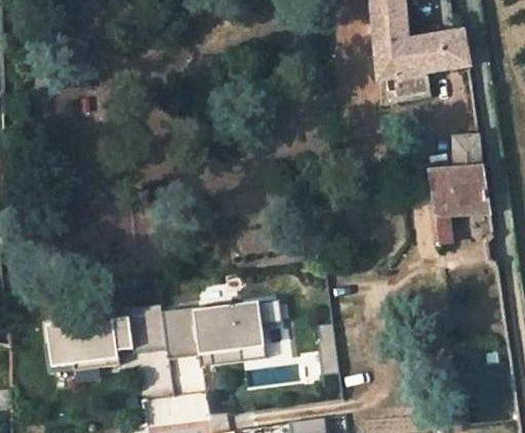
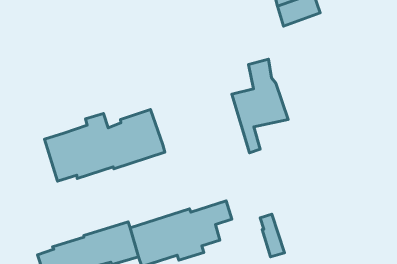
building: [429,137,490,244] -> [232,59,288,153]
building: none -> [45,109,165,181]

